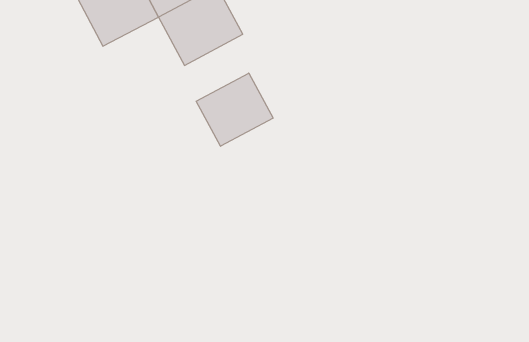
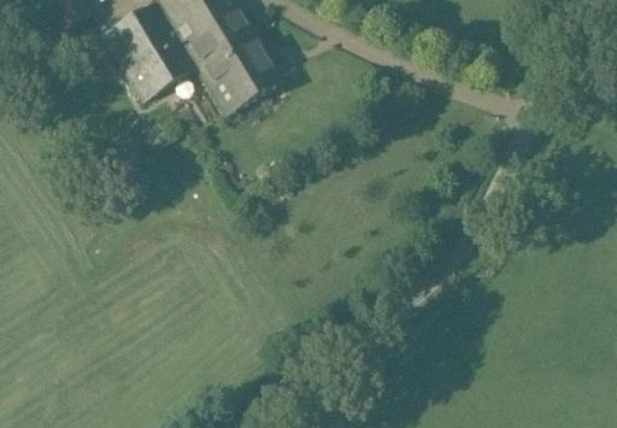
building: [196,73,273,146] -> none

